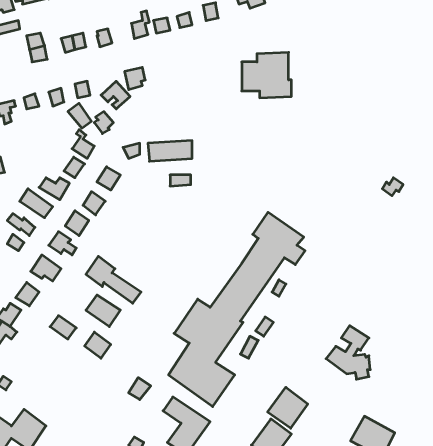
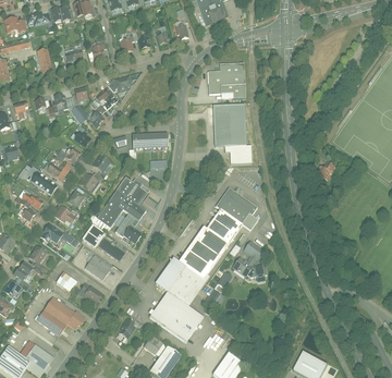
building: none -> [209,105,252,164]
building: none -> [97,175,150,244]
building: [326,326,370,379] -> [232,241,267,283]
building: none -> [35,293,82,331]
building: [268,387,308,428] -> none

